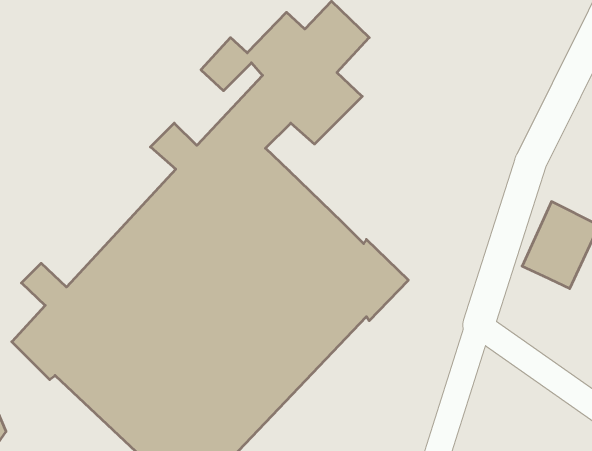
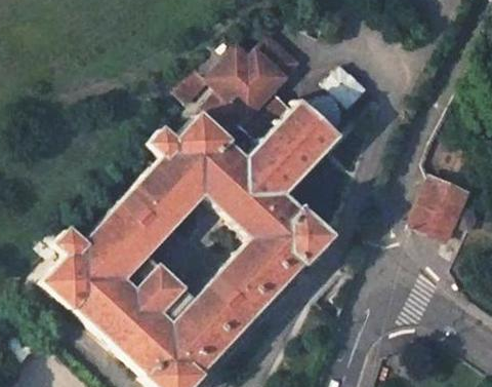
building: none -> [246,64,376,197]

